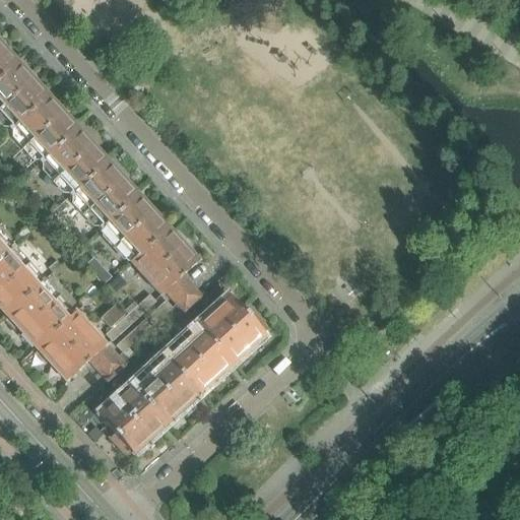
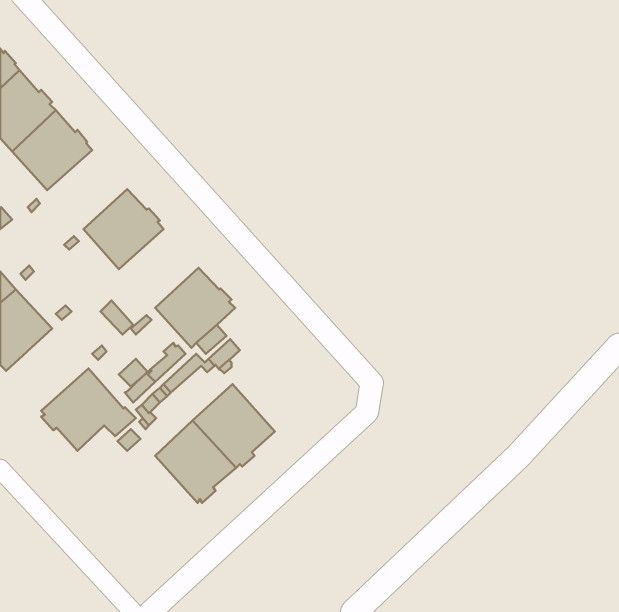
building: [40,126,107,192] -> none
building: [100,192,167,258] -> none
building: [4,275,74,344] -> none
building: [195,292,266,362] -> none
building: [96,382,166,453] -> none

